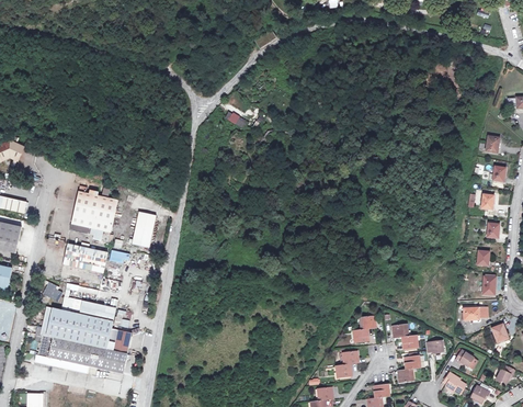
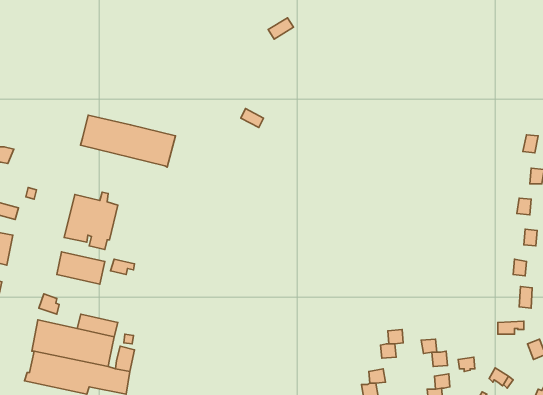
building: none -> [81,115,175,167]
building: [128,212,154,248] -> none

